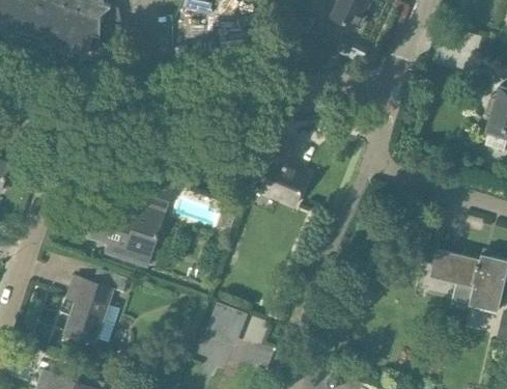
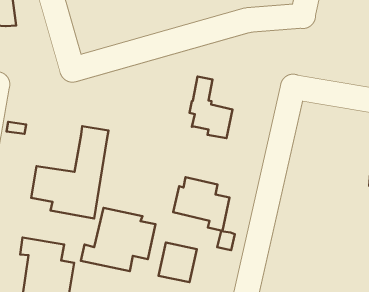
building: none -> [173,177,230,231]
building: none -> [81,208,156,271]

